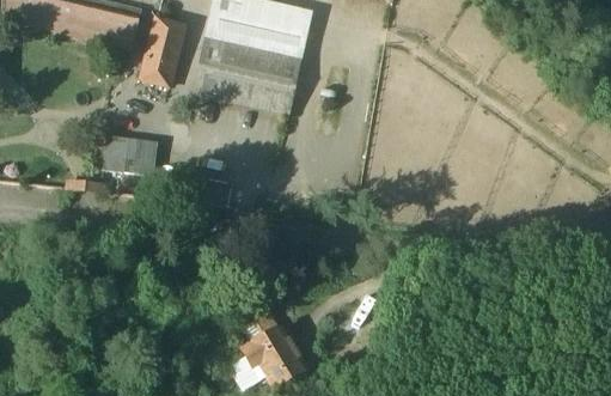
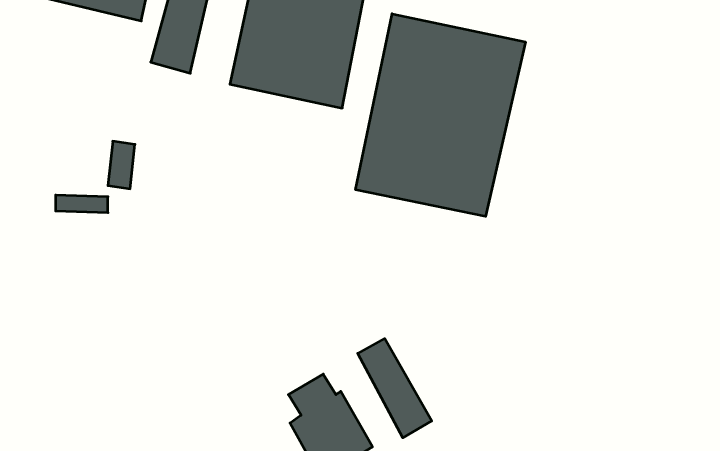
building: none -> [356,14,525,216]
building: [124,141,153,177] -> none
building: none -> [358,339,432,438]

